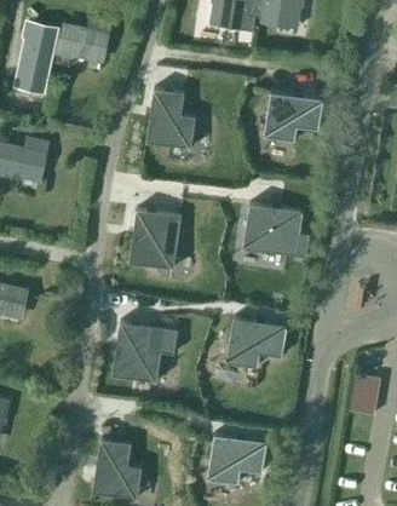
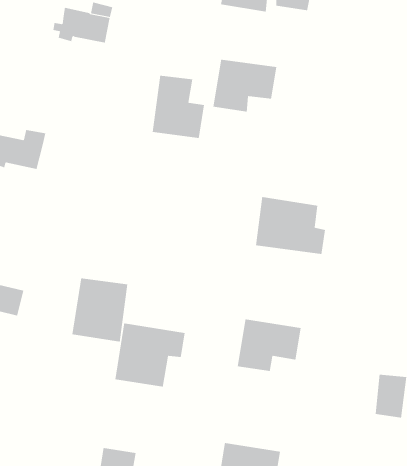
building: [19,23,63,91] -> none
building: [263,91,323,140] -> [213,59,277,112]
building: [128,208,182,269] -> [71,278,128,342]

